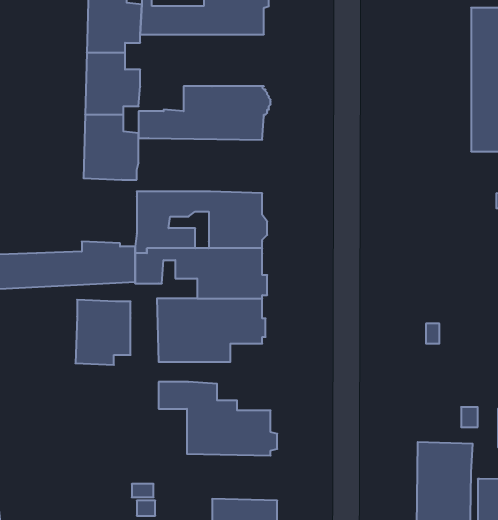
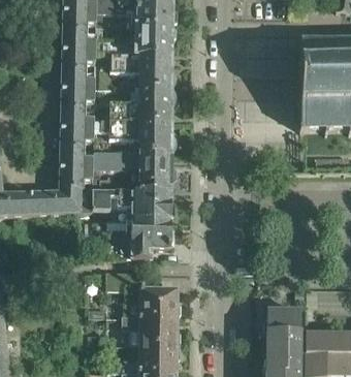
building: none -> [96,55,177,87]
building: none -> [101,119,177,153]
building: [75,300,131,365] -> [60,144,94,184]
building: none -> [123,314,181,343]

